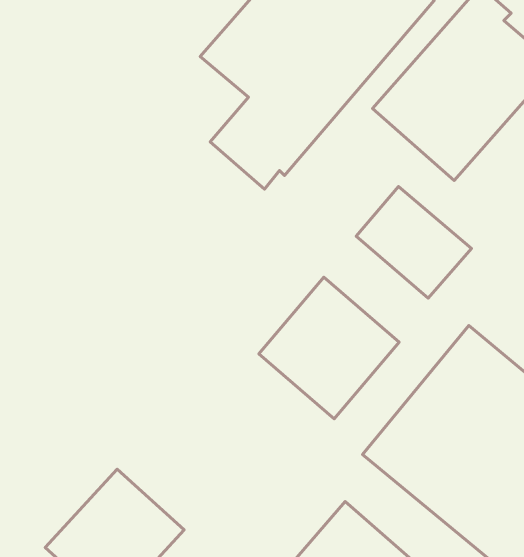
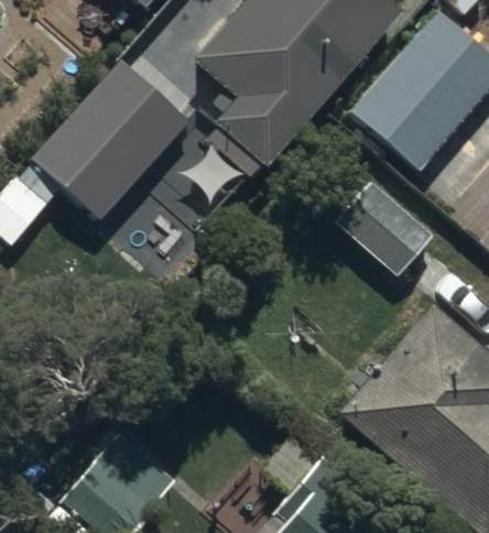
building: none -> [35,56,192,216]
building: [259,277,399,419] -> none

